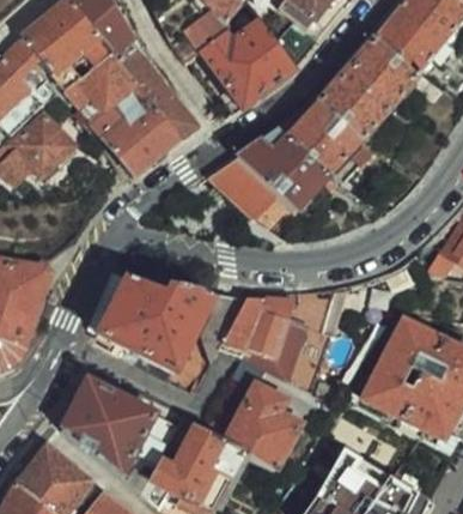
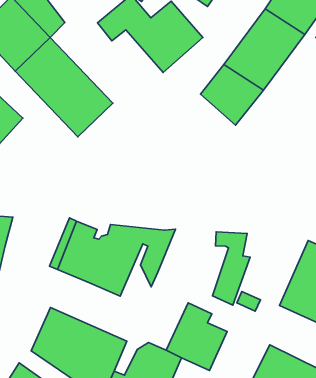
building: [112,35,196,137] -> none
building: [211,128,328,217] -> none
building: [220,295,307,379] -> none

